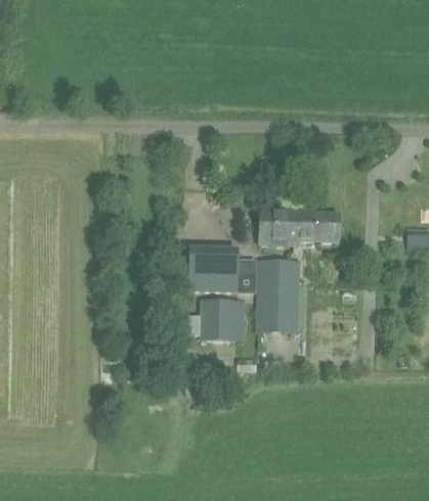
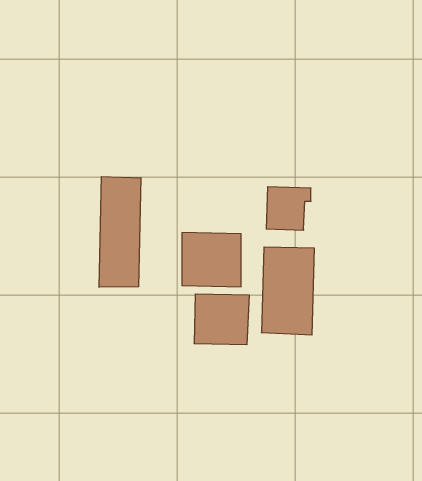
building: none -> [99,177,141,287]
building: [292,209,339,244] -> none

